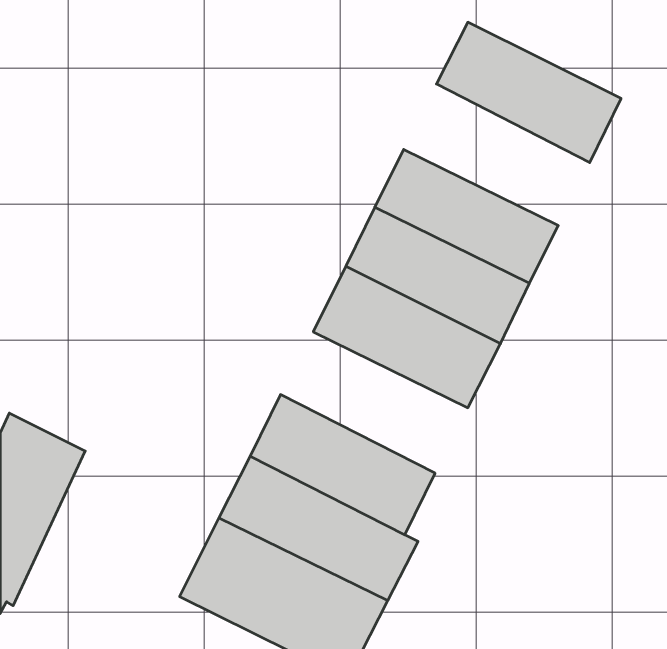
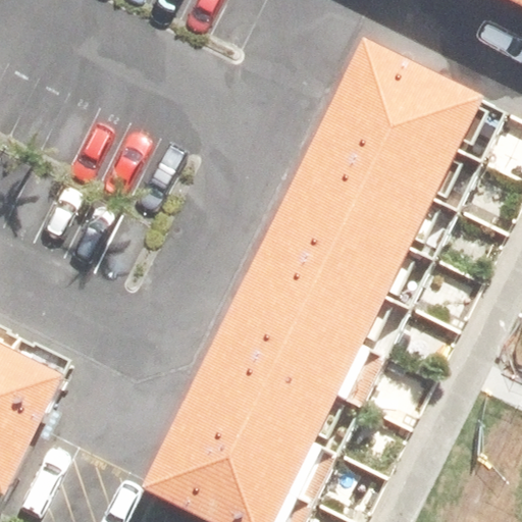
building: none -> [316,82,461,192]
building: none -> [220,274,366,384]

